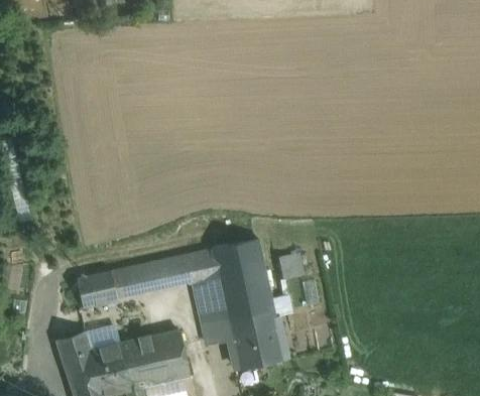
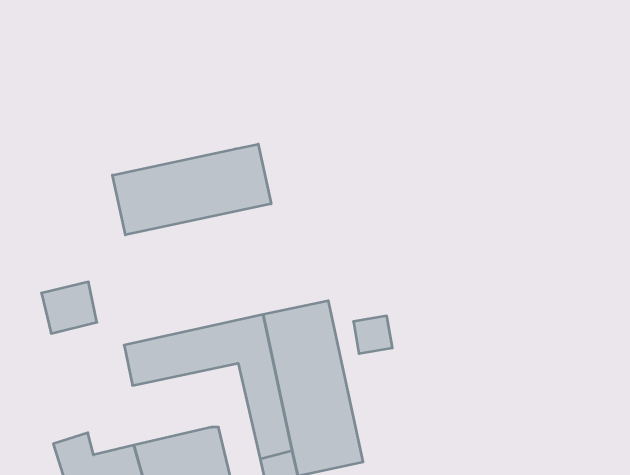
building: none -> [112,144,271,235]
building: [76,271,116,308] -> [41,282,97,333]
building: [83,326,117,351] -> none

